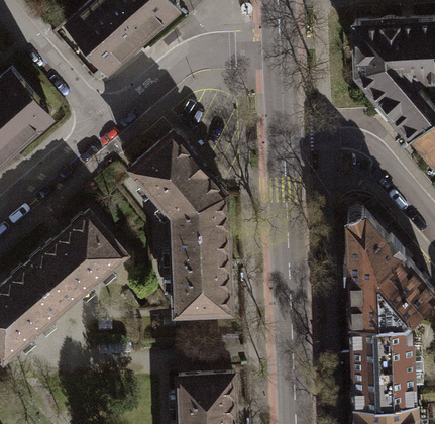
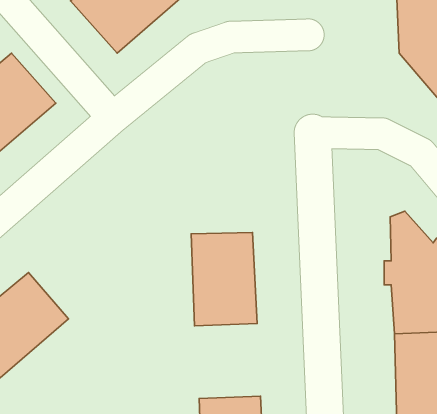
building: [129,134,225,233] -> none
building: [26,214,124,309] -> none

